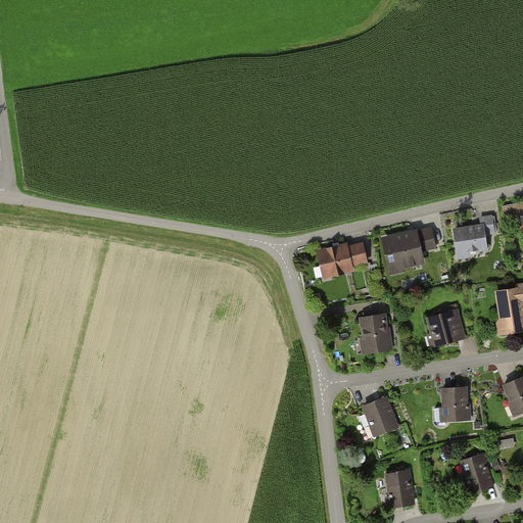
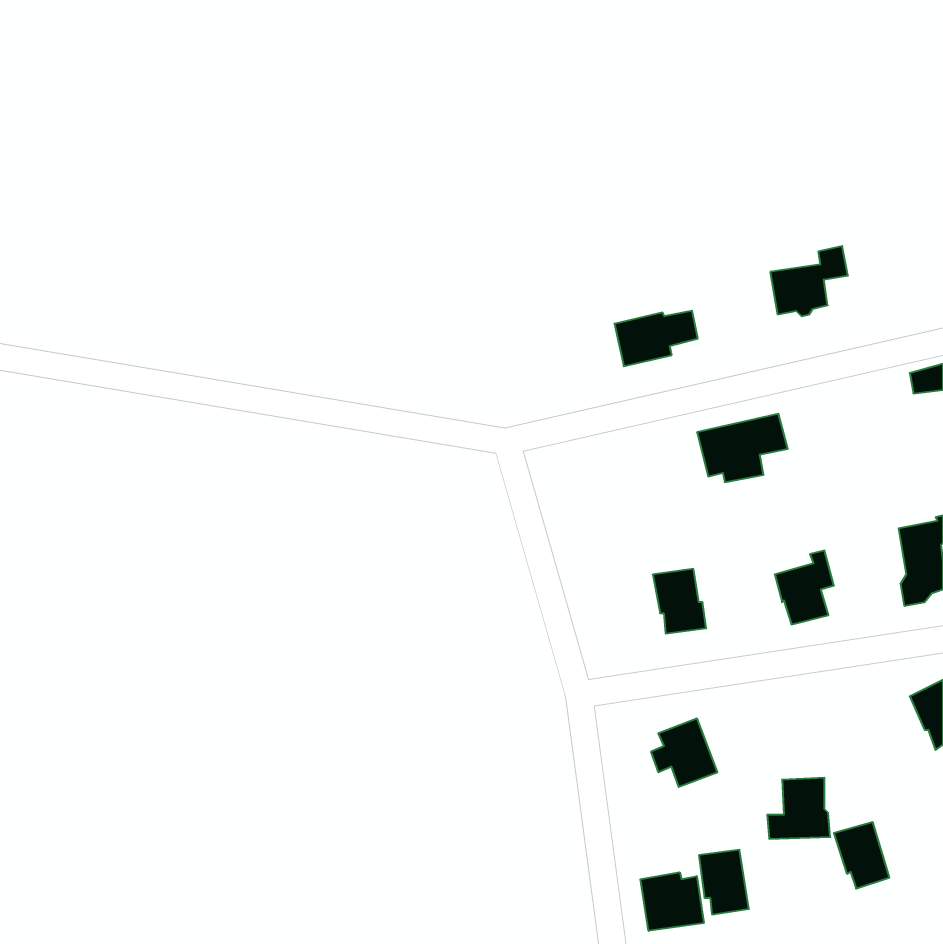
building: [454,216,496,254] -> [770,246,848,316]
building: [319,245,365,276] -> [614,311,698,366]
building: [434,387,469,421] -> [767,778,830,839]
building: none -> [640,872,704,931]

